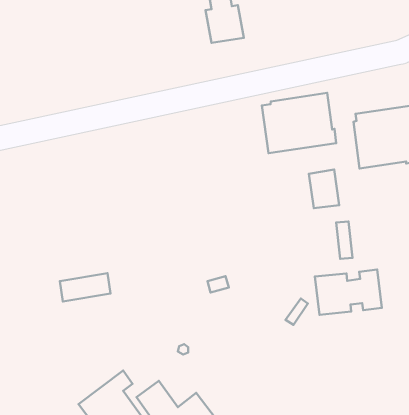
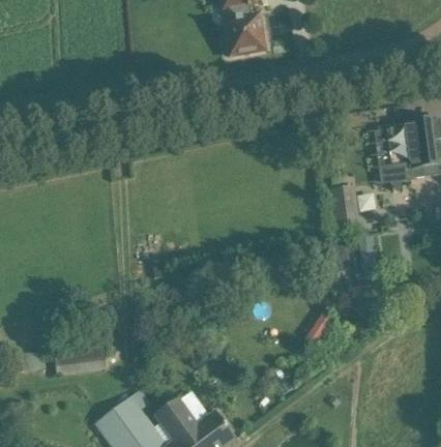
building: [262,93,336,153] -> none
building: [315,270,382,315] -> none
building: [60,273,111,302] -> [55,346,107,375]

